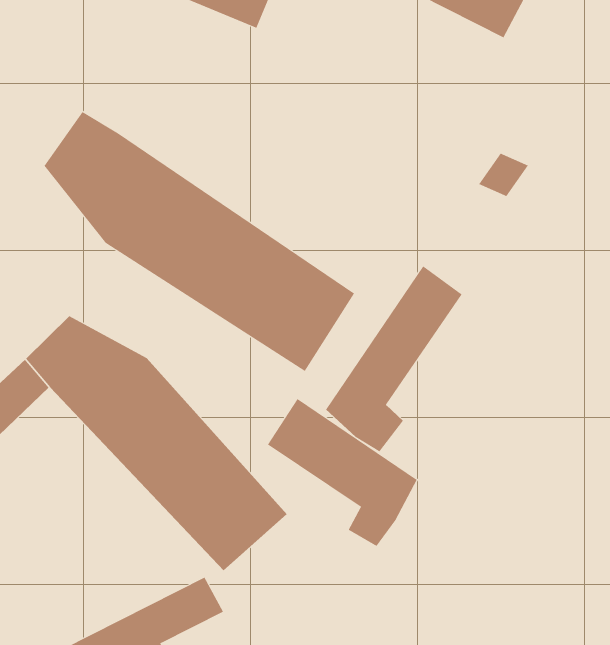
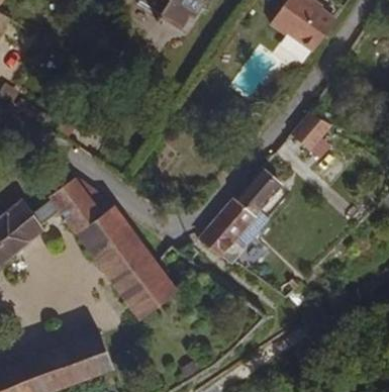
building: [44,111,355,372] -> none
building: [267,398,417,547] -> none

